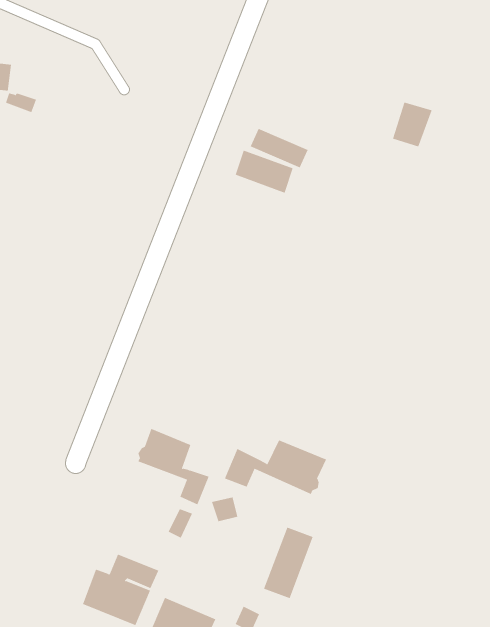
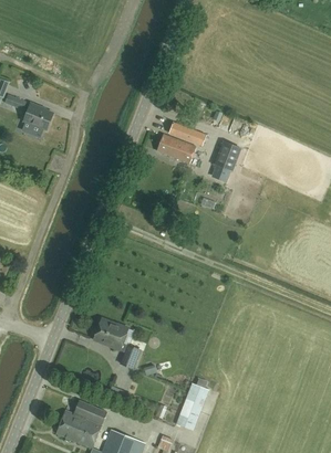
building: [392,102,432,147] -> [213,140,239,170]
building: none -> [23,103,52,129]
building: [224,439,327,495] -> none

